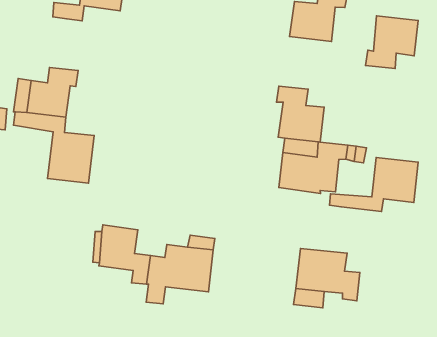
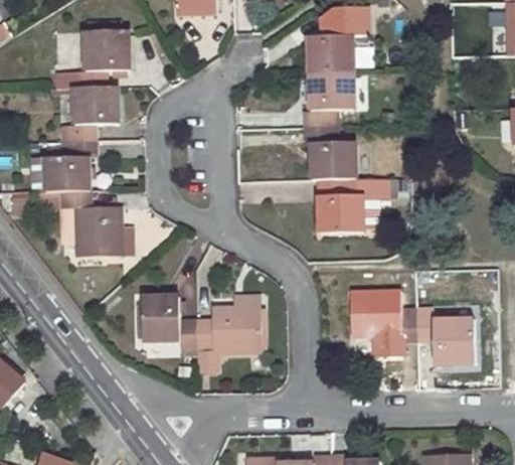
building: [366,16,418,69] -> [305,71,354,126]
building: none -> [62,86,117,140]
building: [329,157,418,212] -> none
building: none -> [416,308,474,362]

